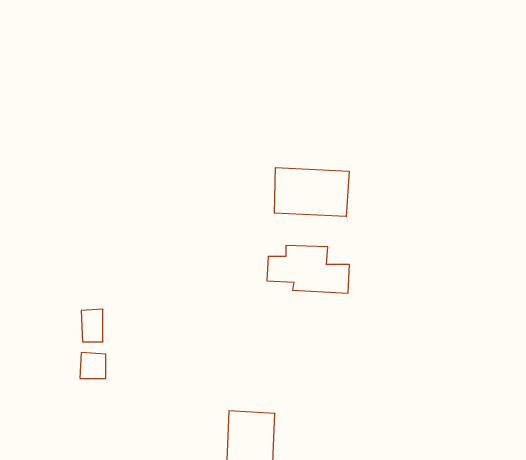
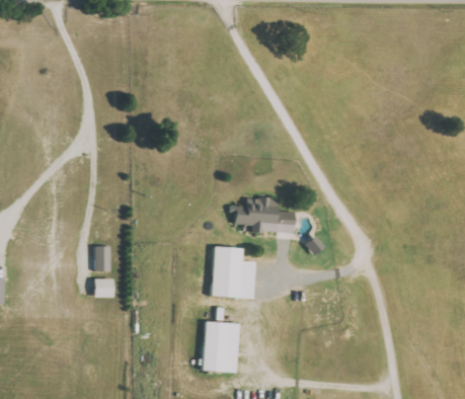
building: [274,168,349,217] -> none
building: none -> [211,246,255,298]

